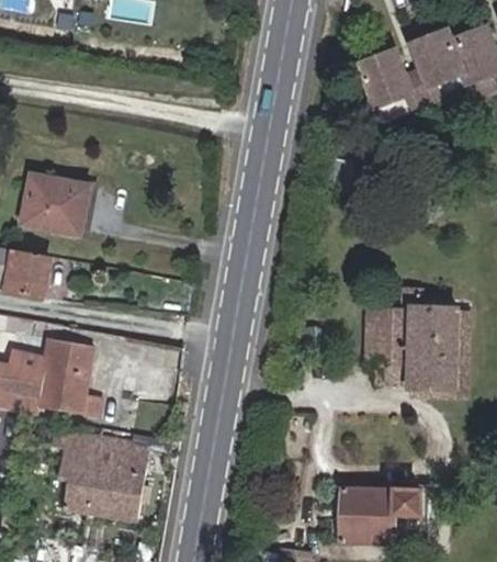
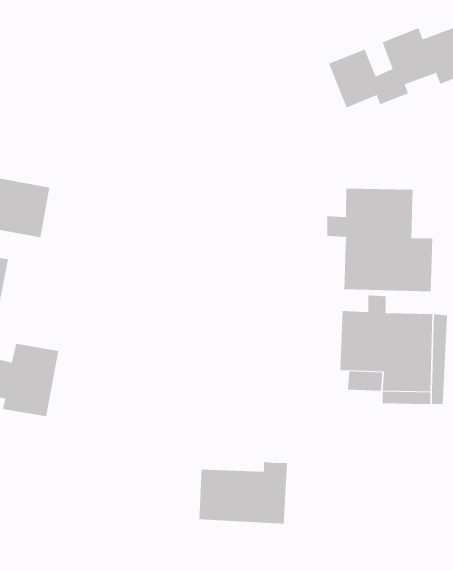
building: none -> [327,188,433,292]
building: [49,429,149,519] -> none
building: [343,481,431,542] -> [199,461,288,524]

